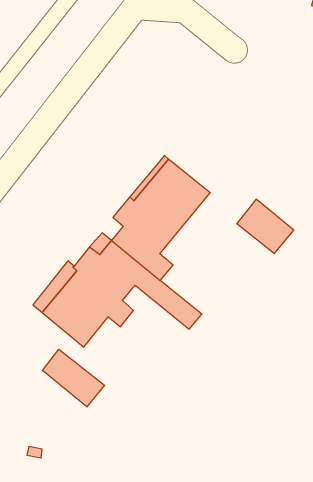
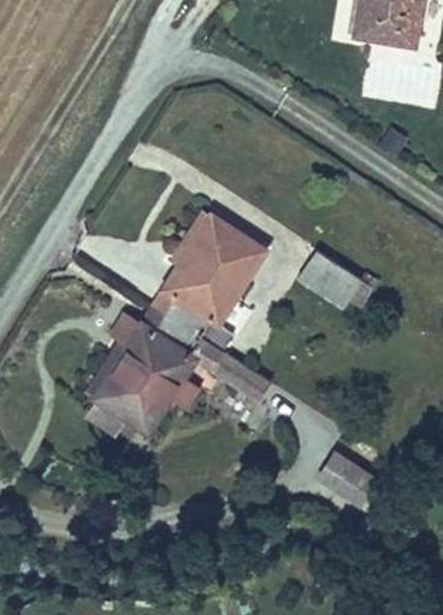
building: [42,349,105,407] -> none
building: none -> [315,451,374,504]

